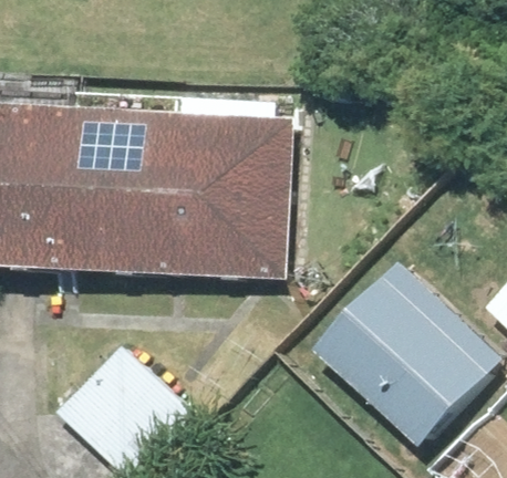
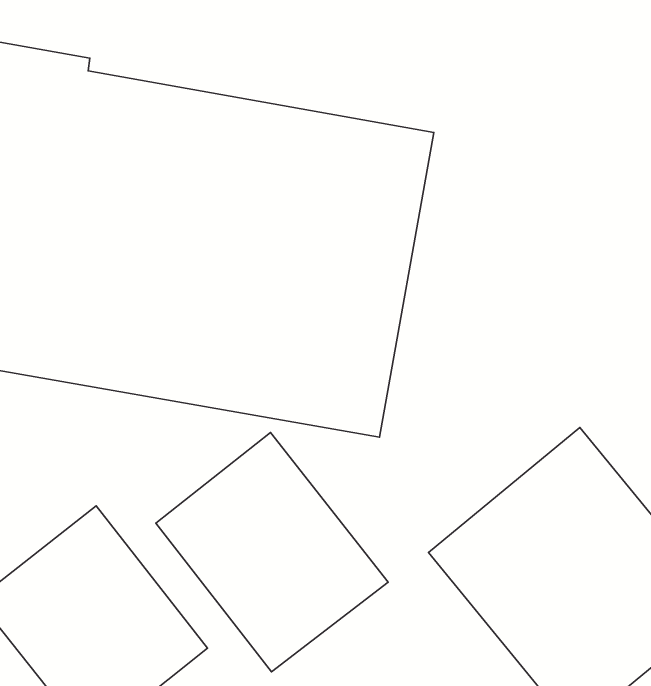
building: none -> [156,433,388,672]

